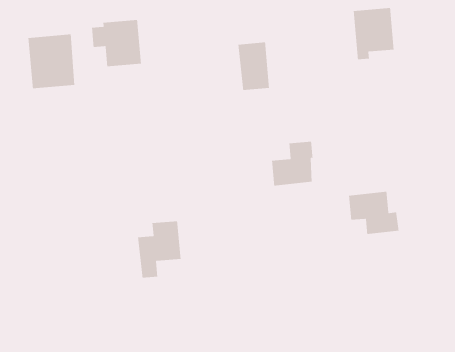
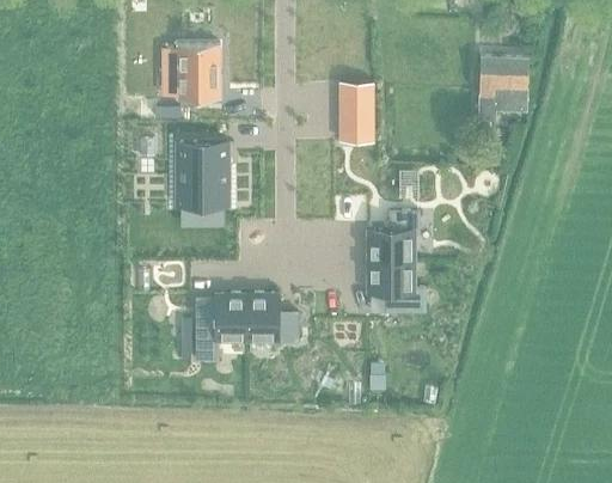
building: [28,34,75,89] -> [175,141,228,204]
building: [348,191,400,235] -> [366,261,424,312]
building: none -> [246,293,296,341]

